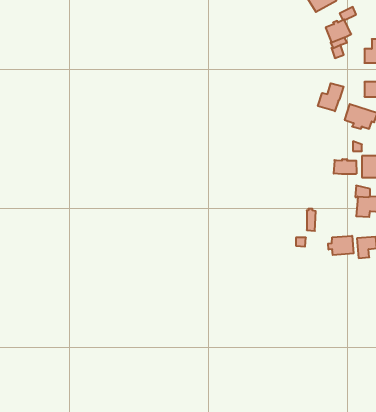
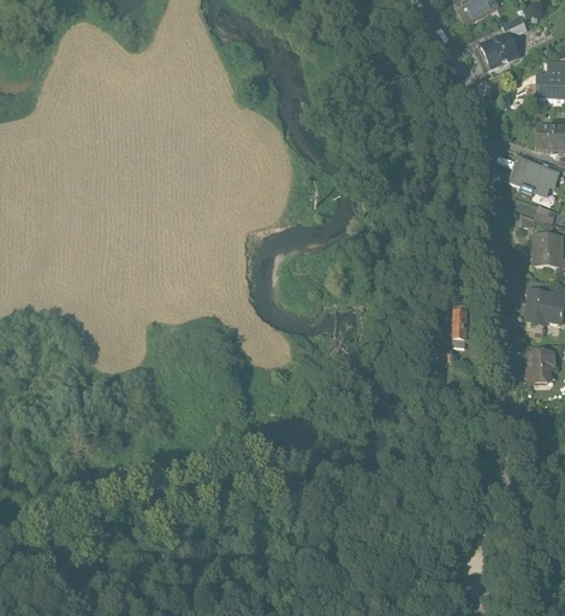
building: [318,83,344,111] -> none
building: [334,159,356,174] -> none
building: [328,236,354,255] -> none

